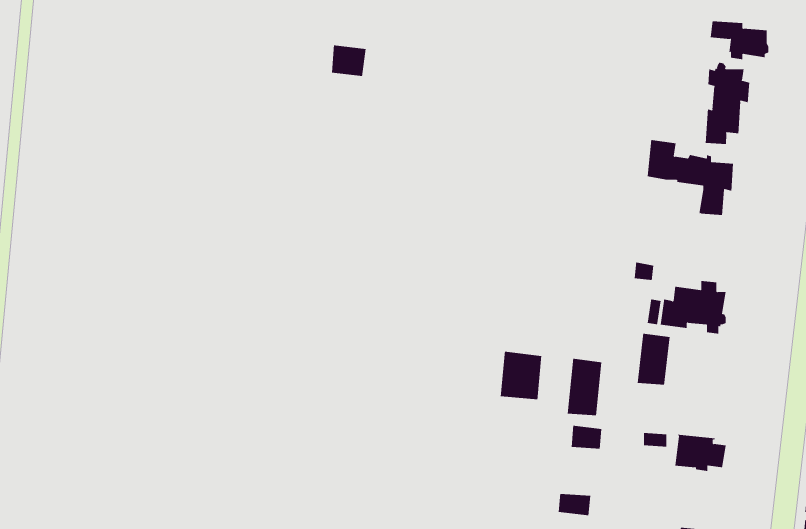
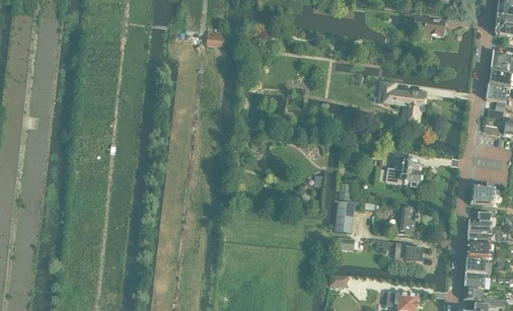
building: [705,62,750,145] -> none
building: [637,333,670,385] -> [396,206,415,234]
building: [500,351,542,400] -> none

